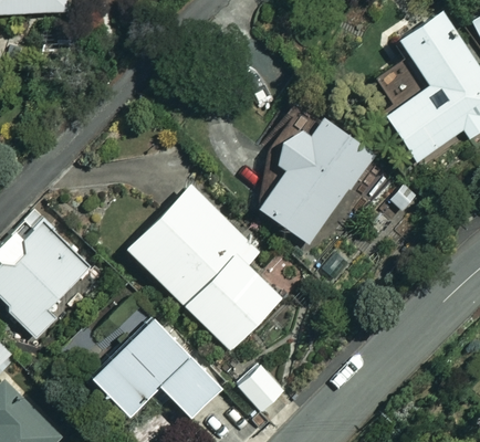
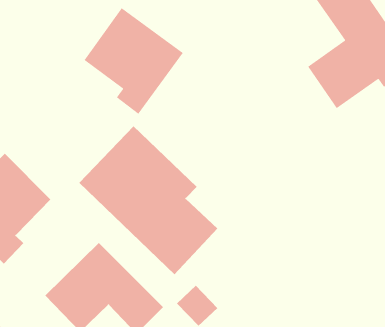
building: none -> [83,7,184,115]
building: [257,114,376,245] -> none

